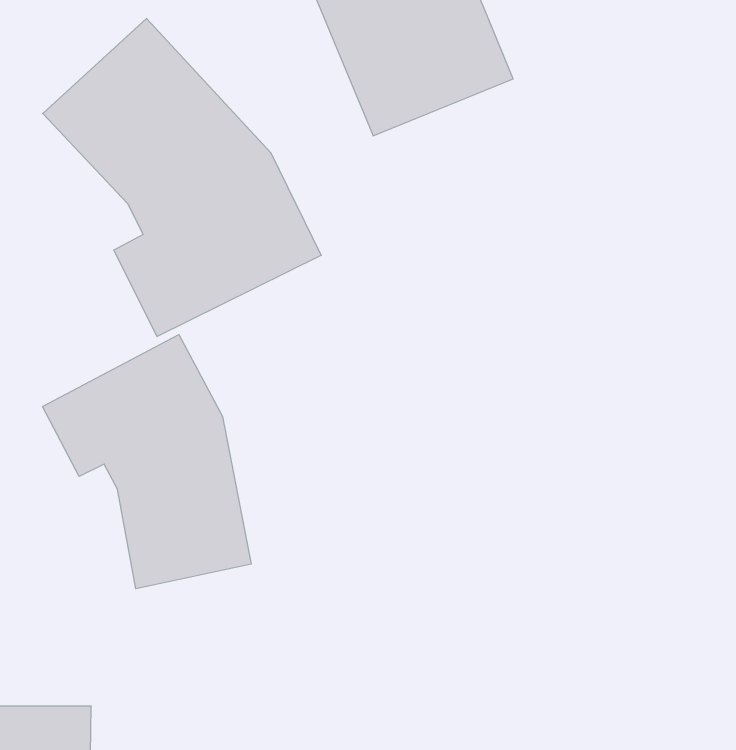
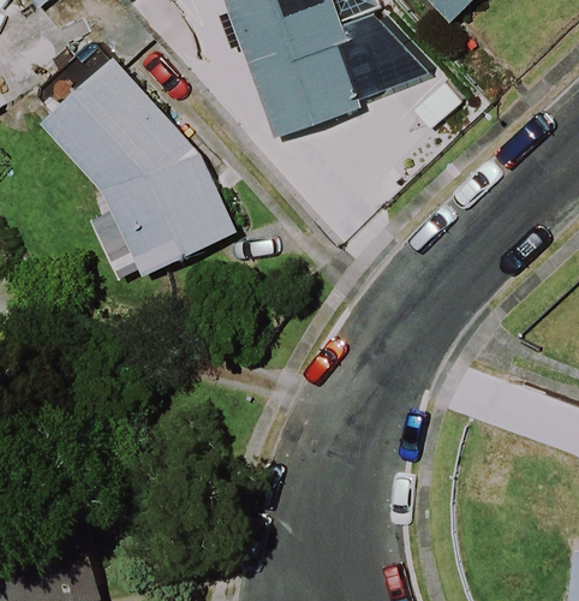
building: [43,335,251,589] -> none

